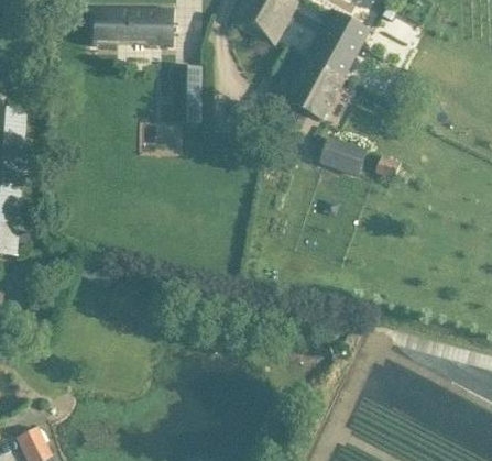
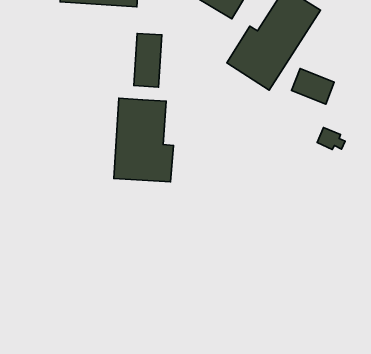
building: none -> [114,98,173,182]
building: [325,139,370,175] -> [292,69,334,104]

